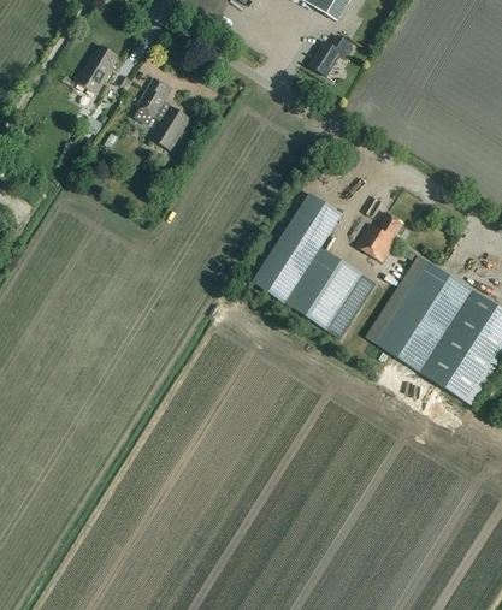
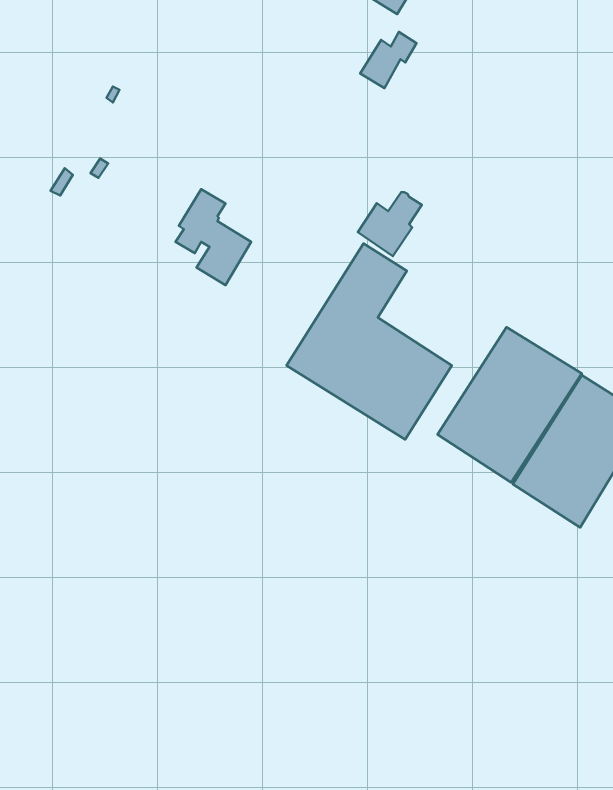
building: [76,45,117,94] -> none
building: [134,77,190,149] -> [176,189,251,285]
building: [355,213,403,261] -> [358,192,422,256]

